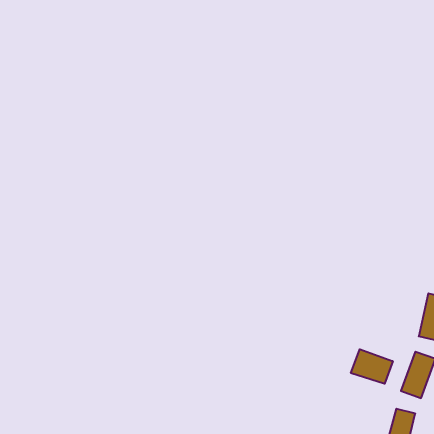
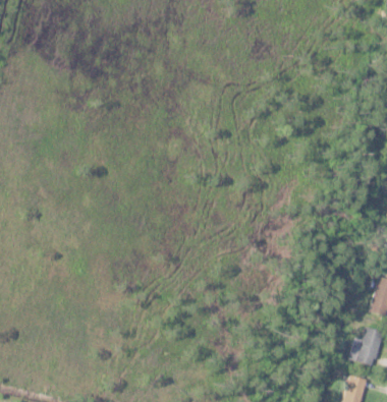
building: [351,349,393,384] -> none

